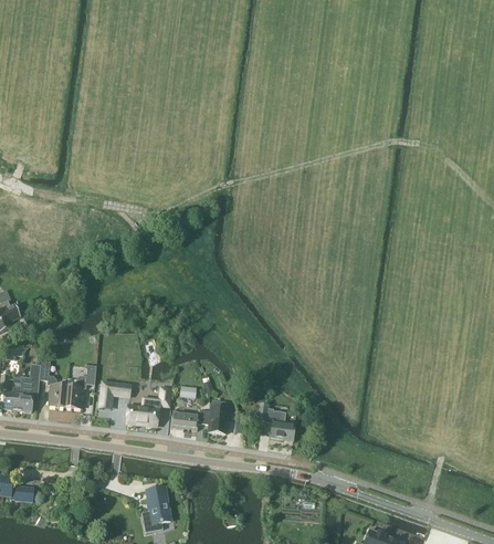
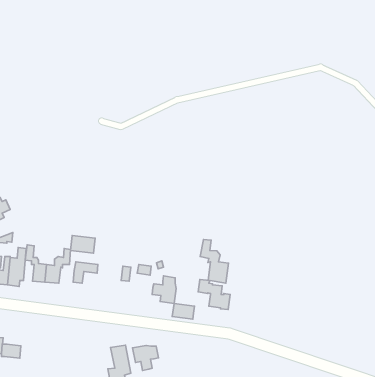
building: none -> [200,239,229,283]
building: [127,404,158,426] -> [70,236,95,253]
building: [171,410,199,430] -> [172,303,194,319]
building: none -> [133,346,159,370]

